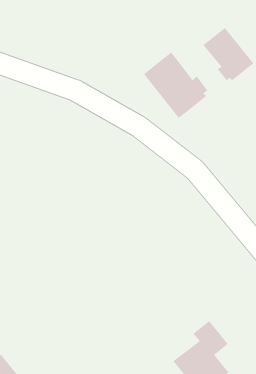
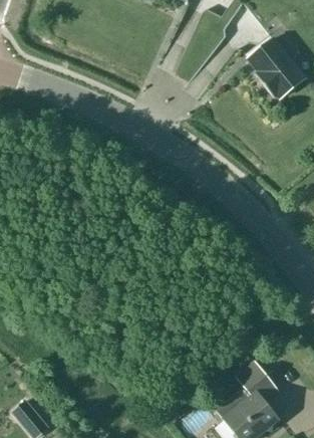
building: [143,51,208,119] -> none

